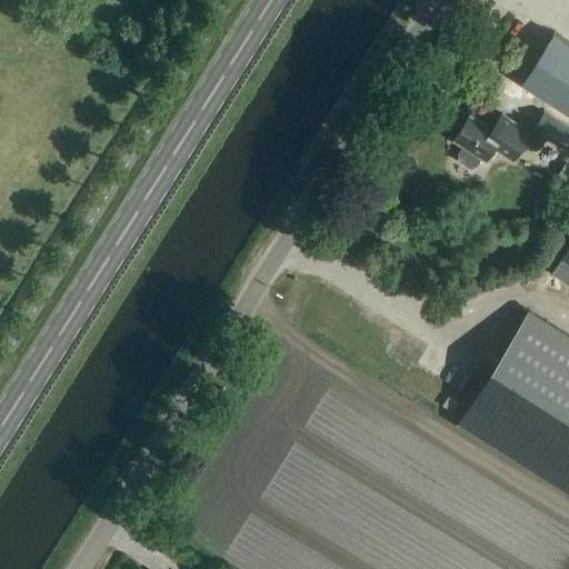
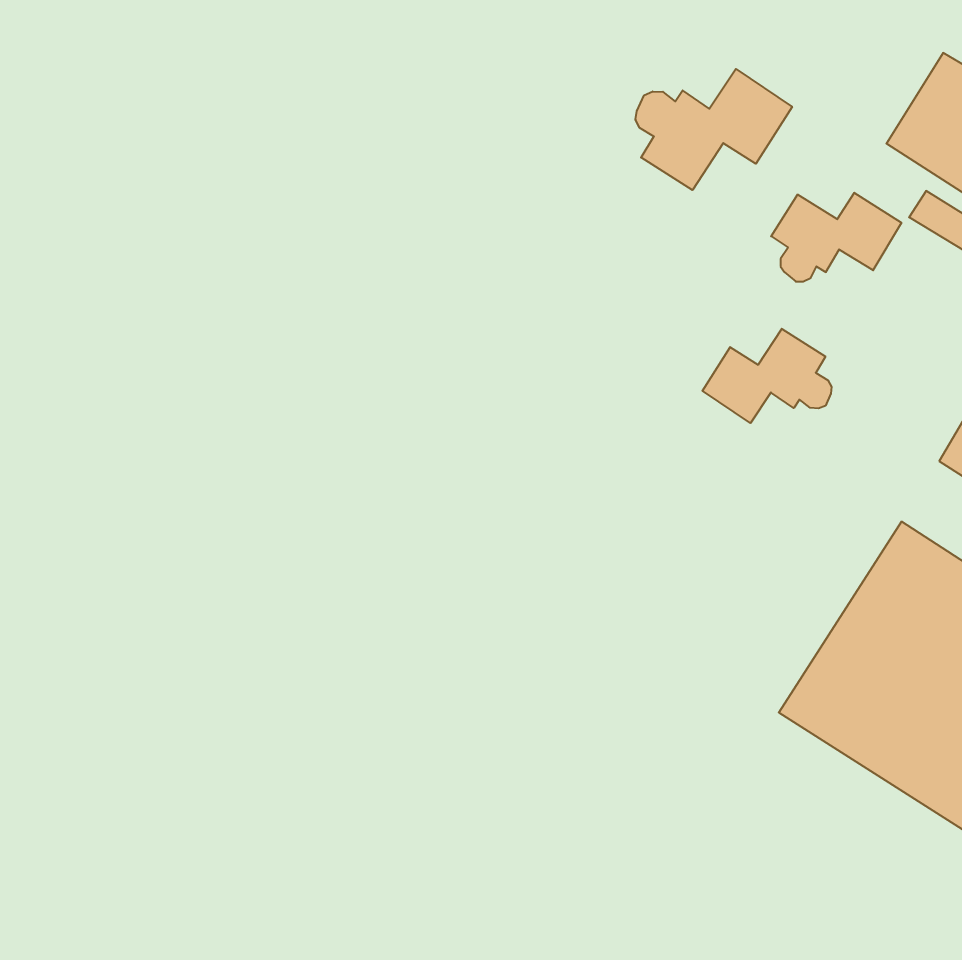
building: none -> [636,69,792,190]
building: none -> [702,329,832,423]

